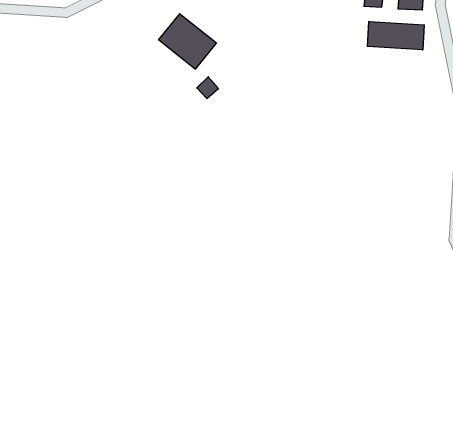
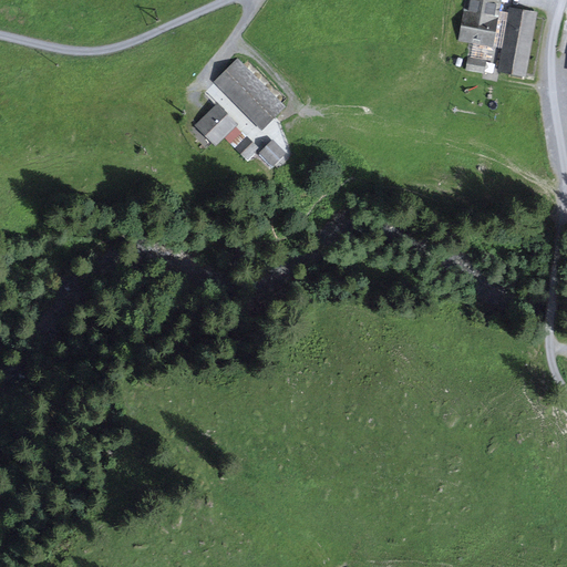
building: [367,21,424,50] -> none
building: none -> [190,103,255,153]

